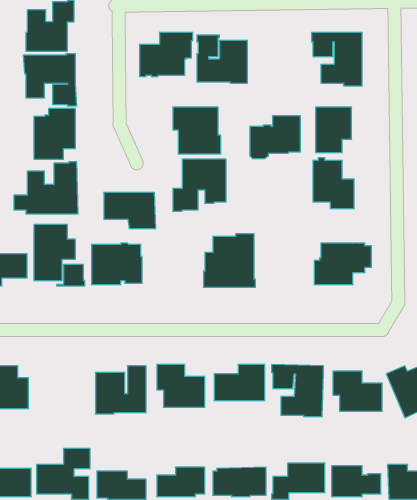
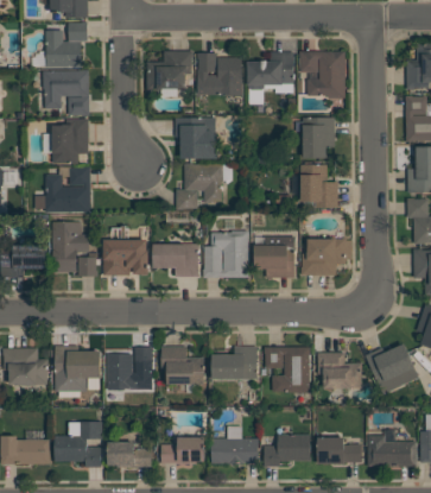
building: [250,116,300,159] -> [248,51,293,89]
building: [104,192,156,228] -> [153,244,199,276]
building: none -> [254,235,294,277]
building: none -> [55,345,101,391]

